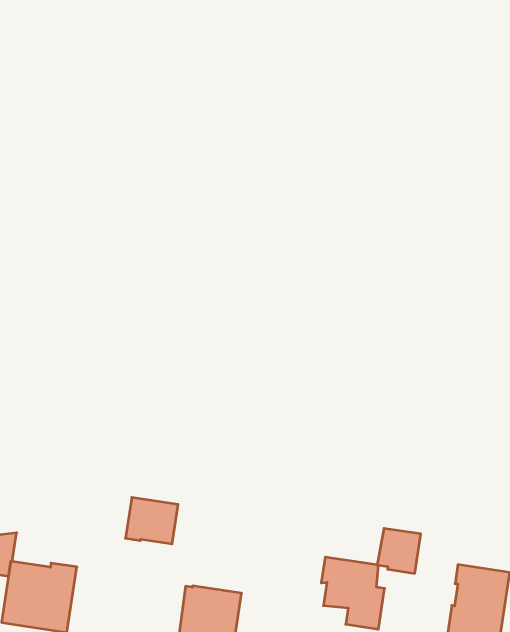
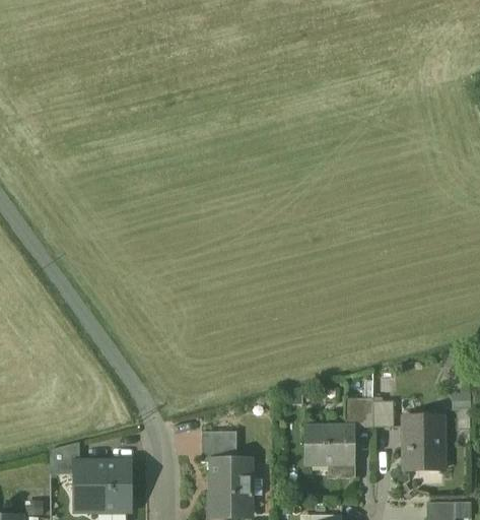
building: [125,497,178,544] -> [203,433,237,463]
building: none -> [374,402,395,429]

